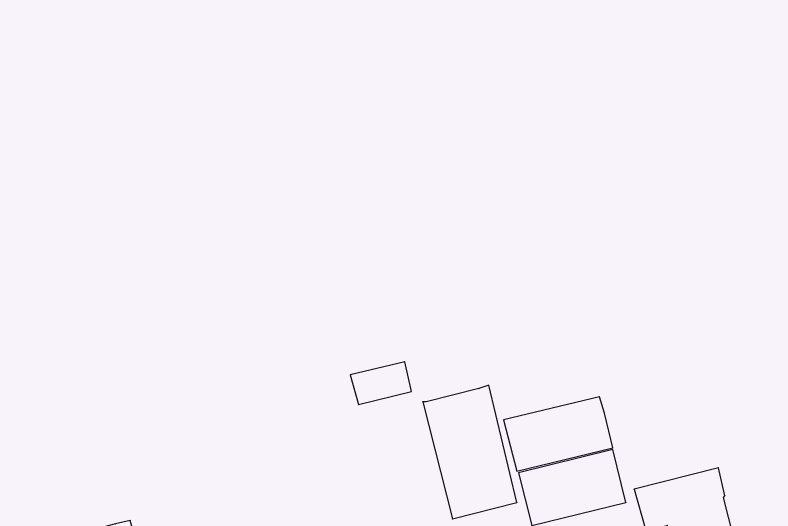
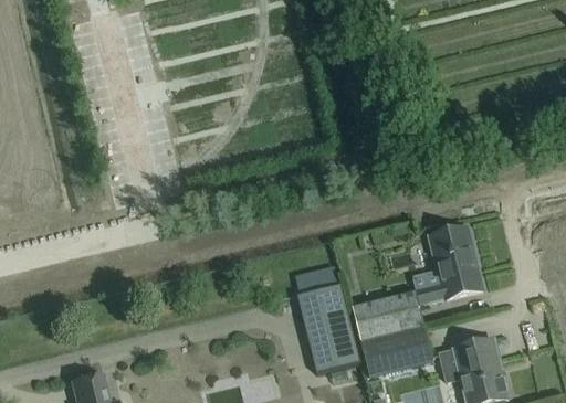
building: none -> [412,226,482,301]
building: [350,362,411,405] -> [294,265,335,294]

